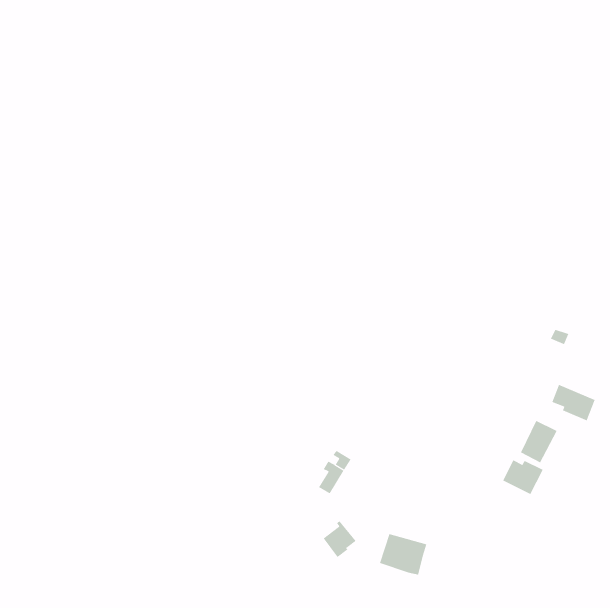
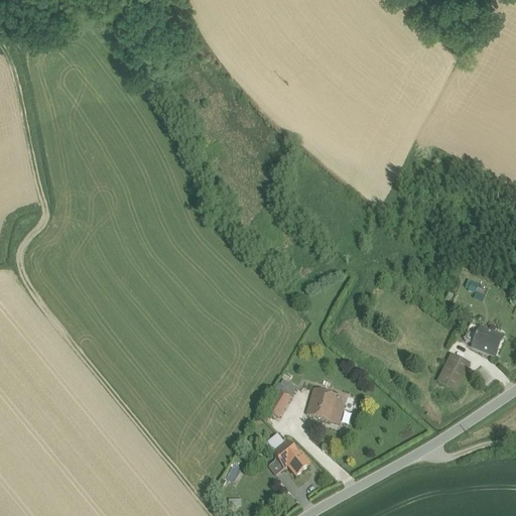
building: [502,460,544,495] -> none
building: [379,533,427,575] -> [307,388,348,423]

